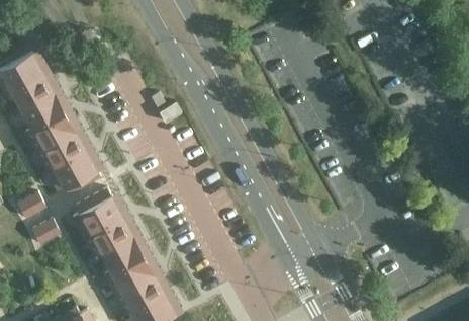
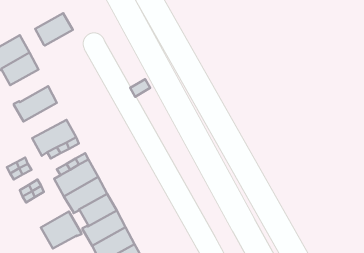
building: [24,94,68,132] -> [35,13,73,46]
building: [39,133,89,173] -> none
building: none -> [41,212,82,248]

